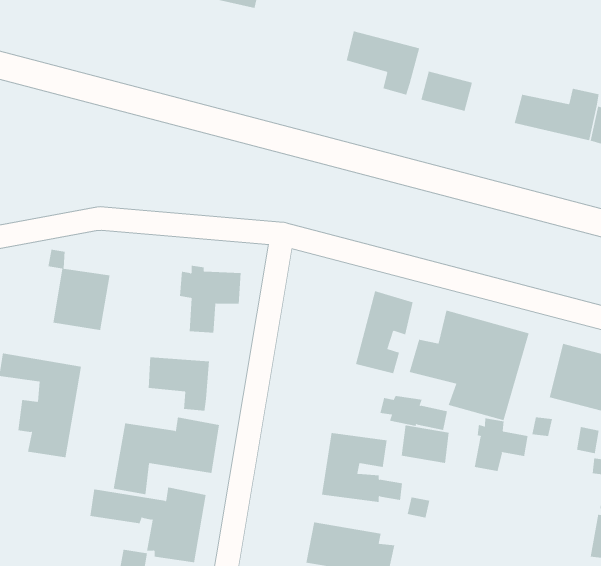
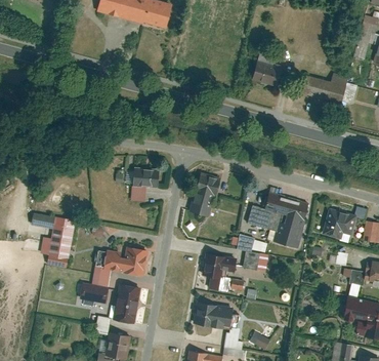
building: [346,30,420,95] -> none
building: [48,249,110,331] -> none
building: [355,290,413,374] -> [188,172,219,216]
building: [148,356,210,411] -> none
building: [474,417,528,472] -> none

